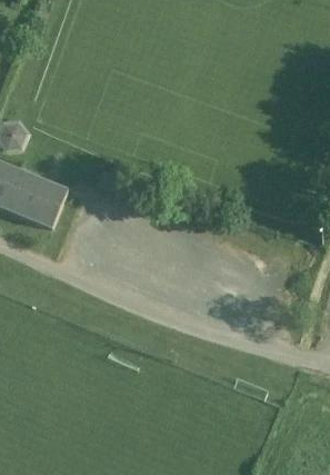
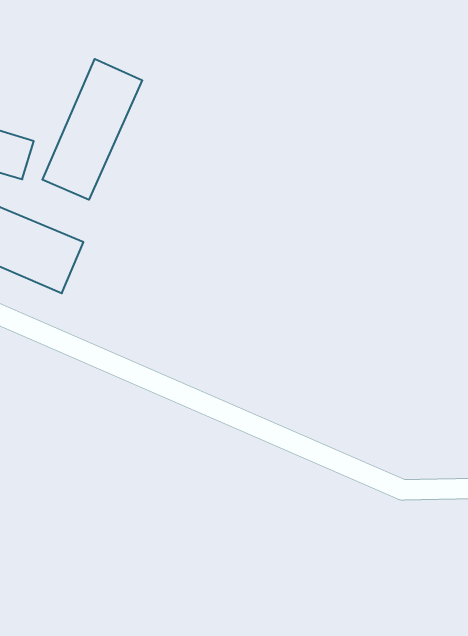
building: none -> [42,59,142,200]

